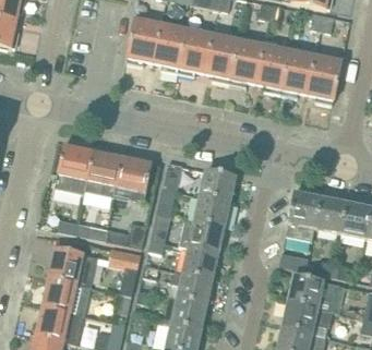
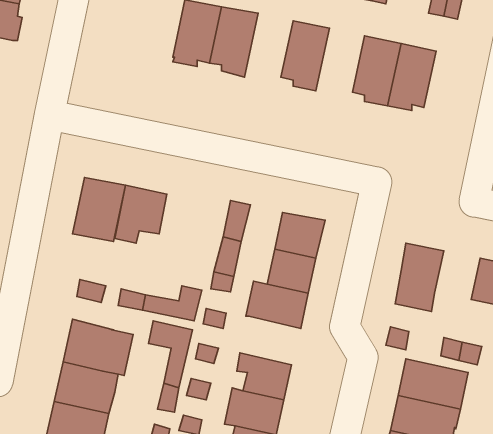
building: [178,27,213,76] -> none
building: [229,38,264,86] -> none
building: [307,55,341,104] -> none
building: [115,157,152,201] -> none
building: [314,197,347,232] -> none
building: [175,244,218,279] -> none

